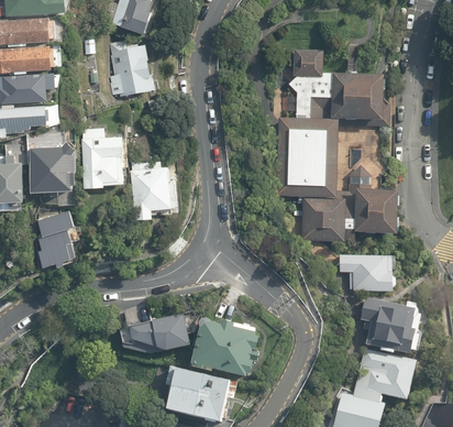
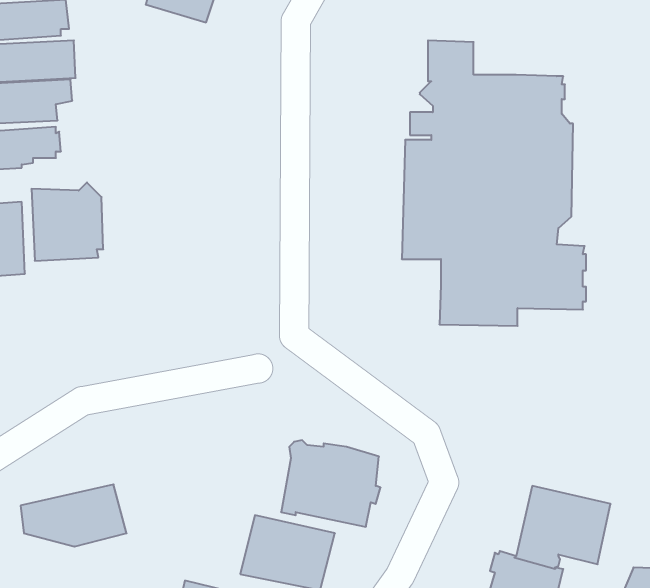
building: [103,41,156,98] -> none
building: [80,128,125,189] -> none
building: [130,162,178,216] -> none
building: [36,209,75,265] -> none
building: [340,252,396,289] -> none
building: [360,297,422,354] -> none
building: [120,314,191,355] -> [21,484,127,546]

